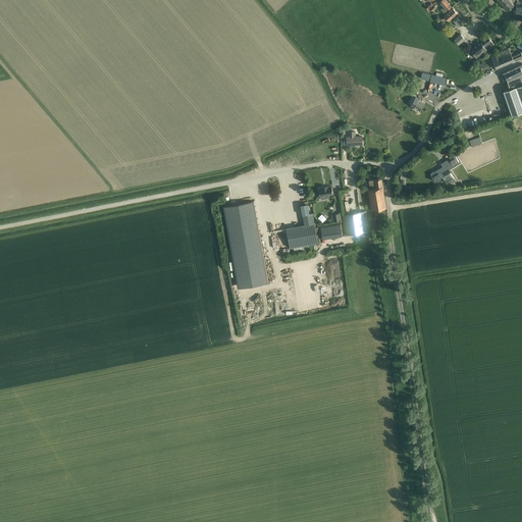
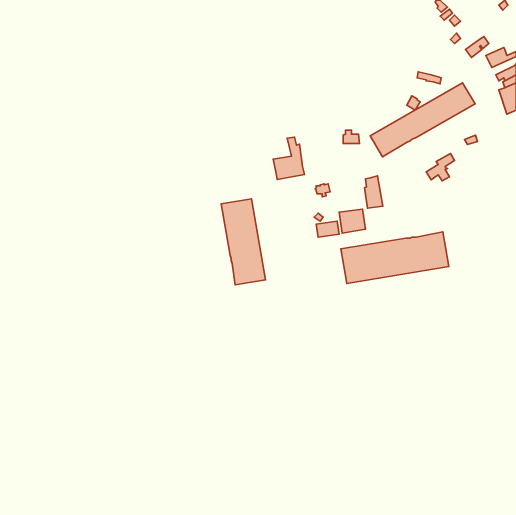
building: none -> [370,83,475,157]
building: [286,206,318,249] -> [273,137,304,180]
building: none -> [341,232,449,284]

